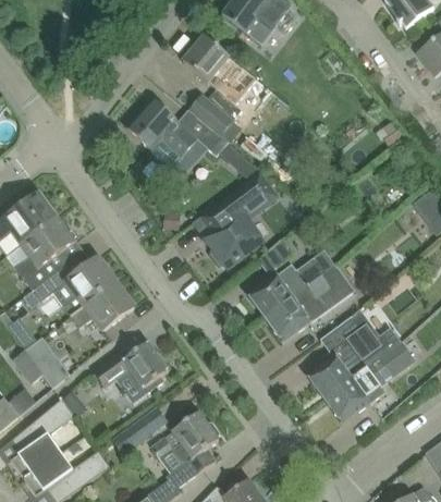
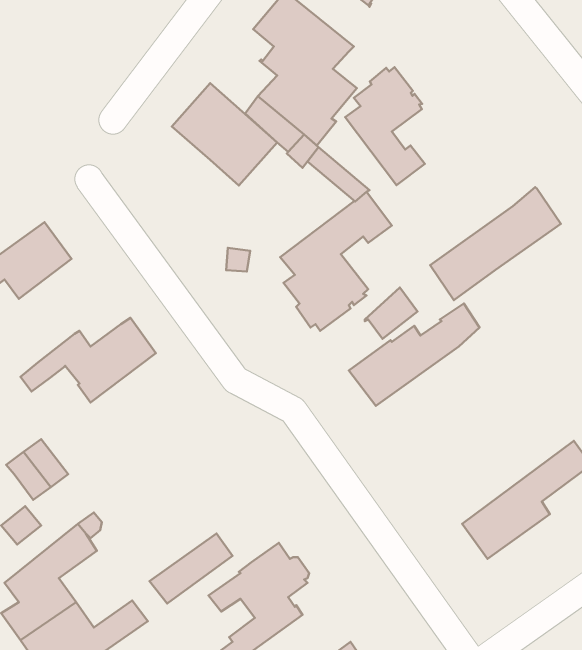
building: none -> [345,67,425,185]
building: [16,218,75,290] -> none
building: [266,265,355,342] -> [430,187,561,300]
building: [71,282,134,330] -> none
building: [307,316,401,399] -> none
building: [95,342,169,403] -> none

